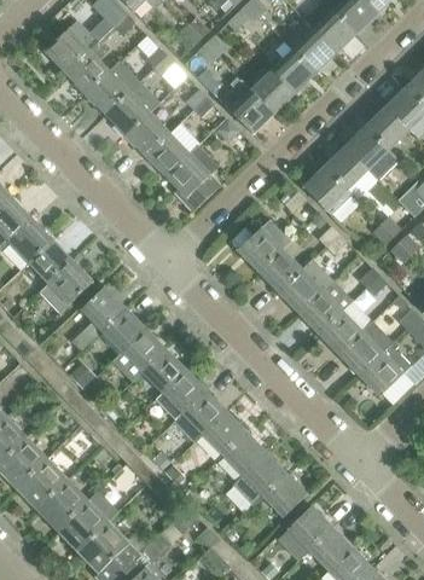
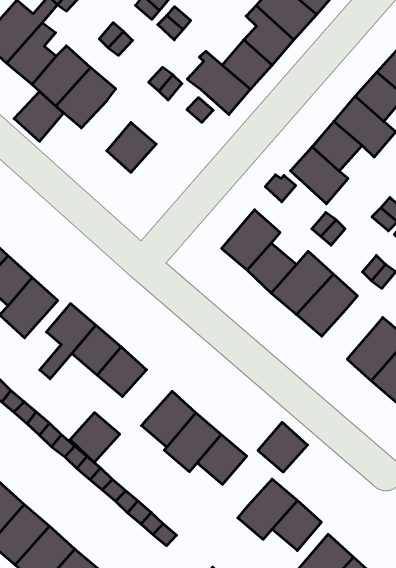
building: [124,112,168,156] -> [14,92,64,141]
building: [164,144,221,211] -> none
building: [319,311,362,354] -> none
building: [141,349,185,393] -> [70,413,120,463]
building: [222,431,266,475] -> [258,422,308,472]

